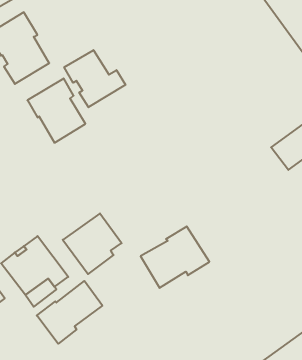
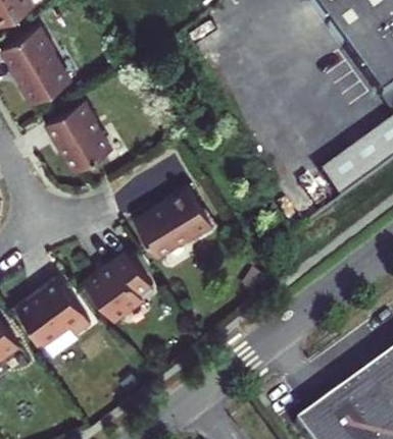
building: [64,50,125,107] -> none
building: [141,226,209,288] -> [134,183,211,253]
building: [37,281,102,344] -> none

